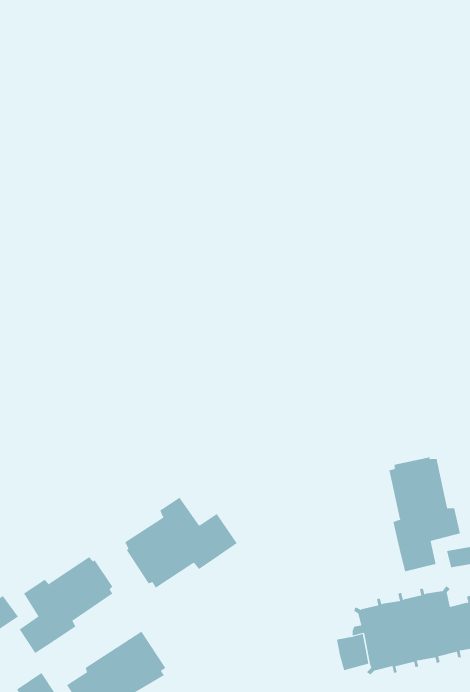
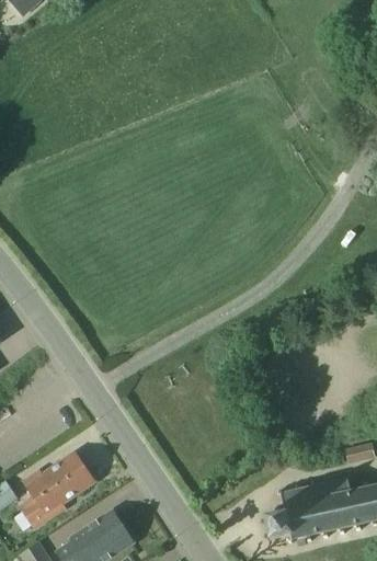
building: [389,456,460,572] -> none
building: [125,497,237,588] -> none

